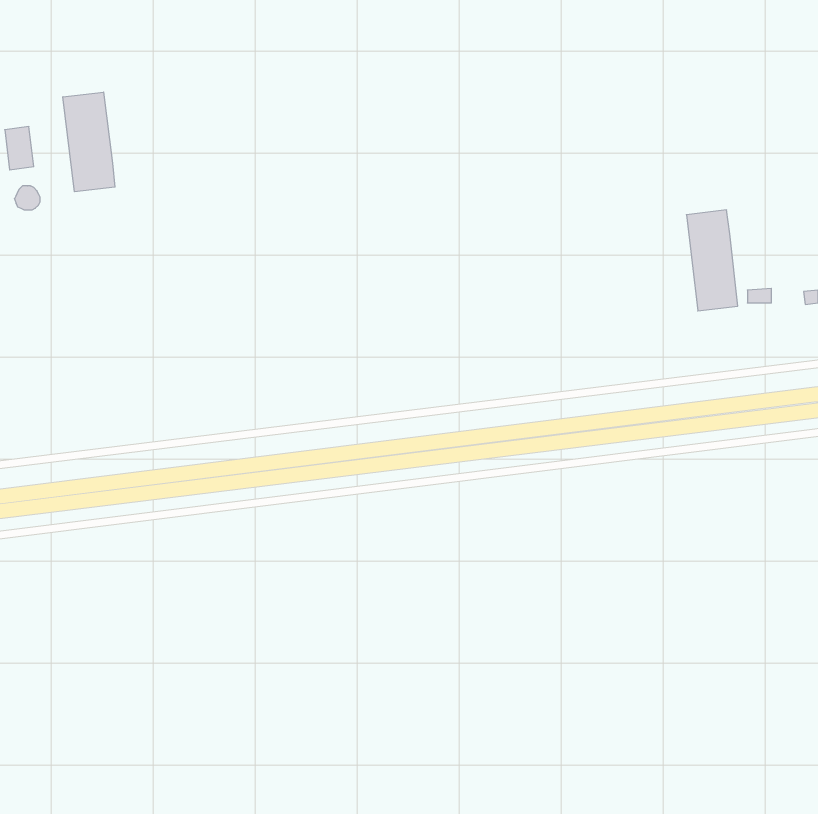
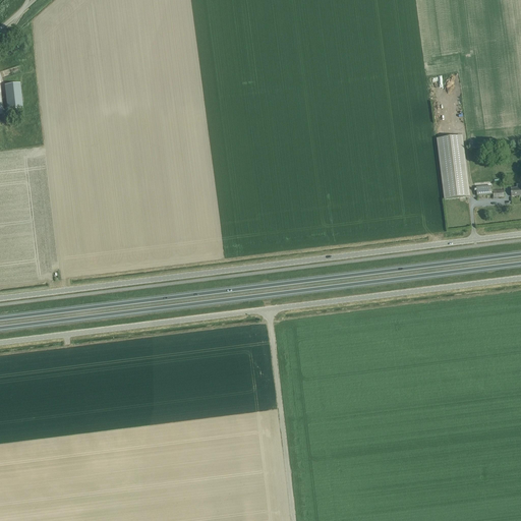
building: [63,92,115,192] -> none

